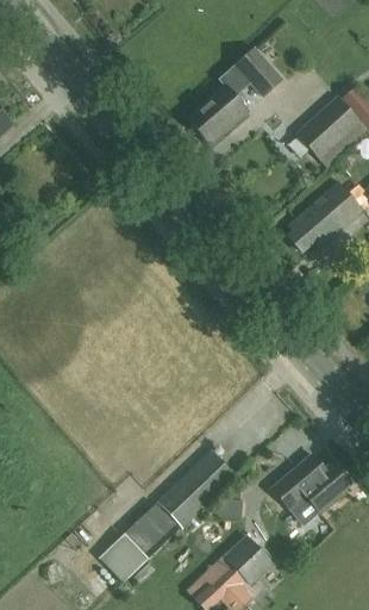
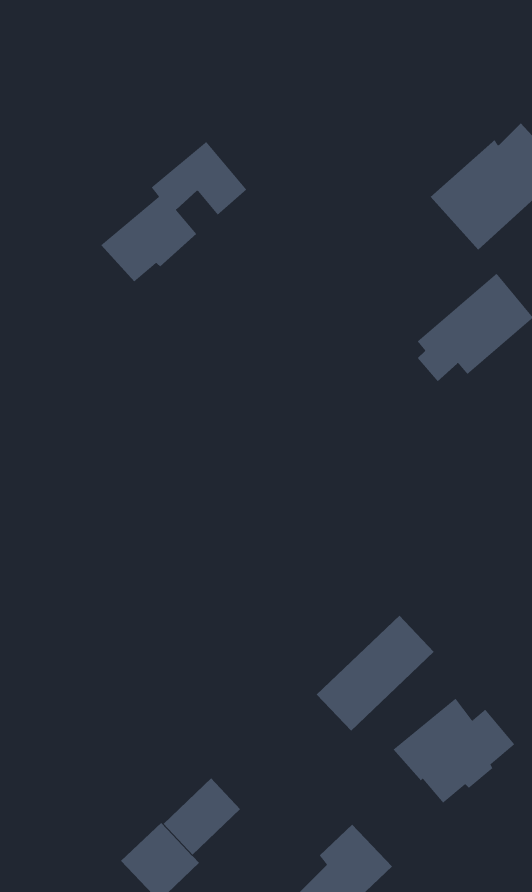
building: [186,51,280,142] -> [101,141,247,282]
building: [158,452,234,527] -> [316,615,435,732]

